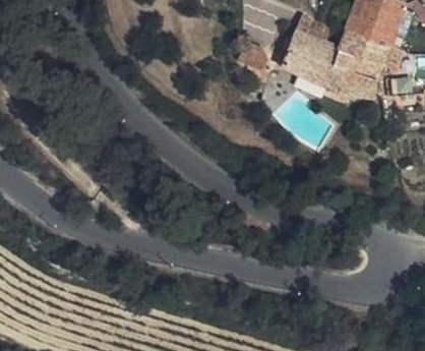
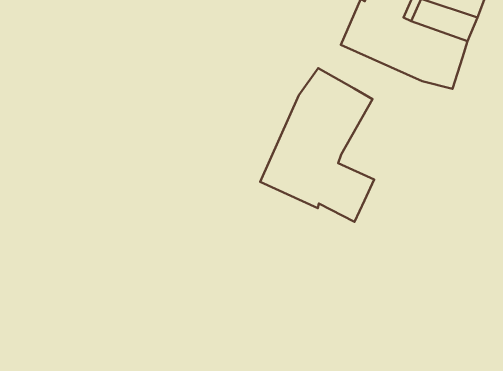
building: none -> [260,68,374,222]

